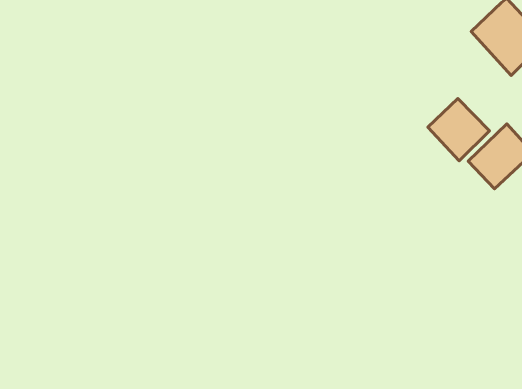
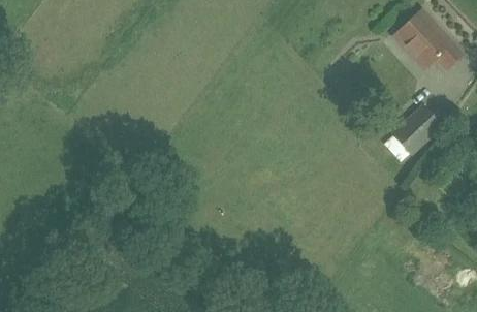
building: [428,98,489,161] -> none

